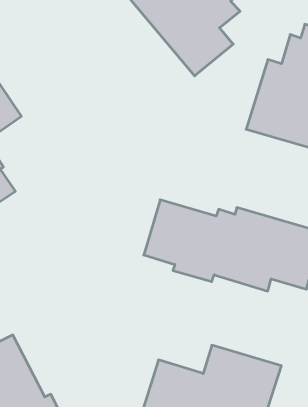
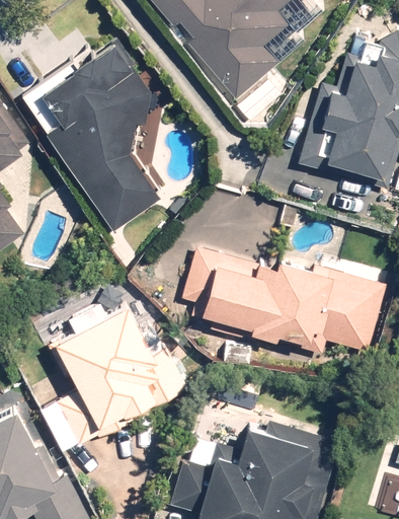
building: none -> [47,44,161,231]
building: none -> [48,300,189,447]

